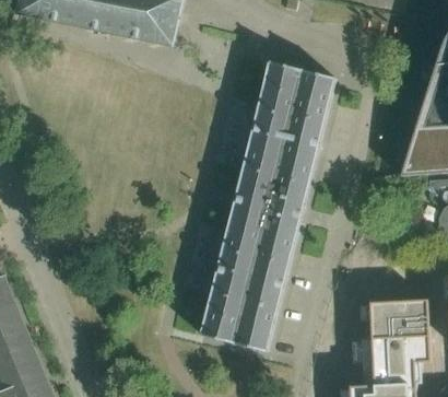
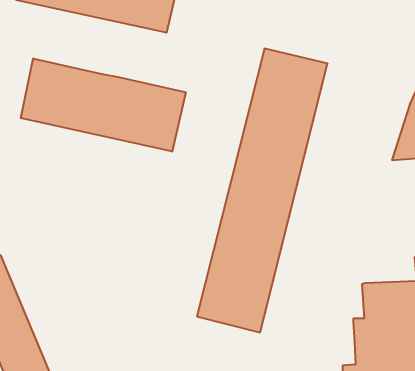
building: none -> [21,58,186,152]

